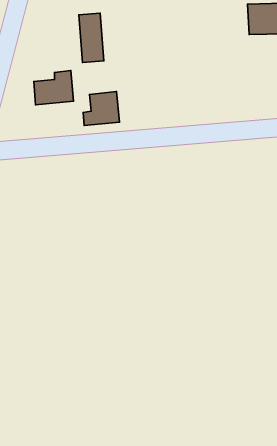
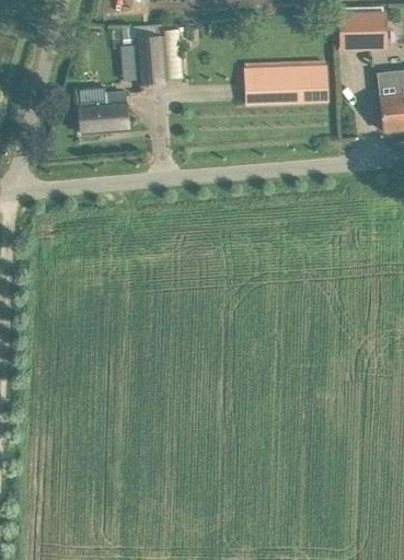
building: none -> [246,63,327,102]
building: [83,91,119,126] -> none

